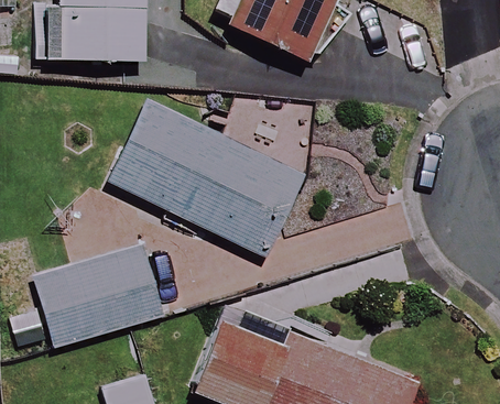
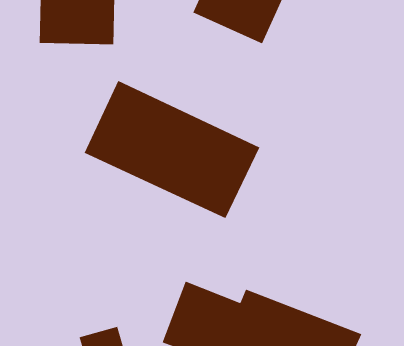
building: [36,244,164,347] -> none

